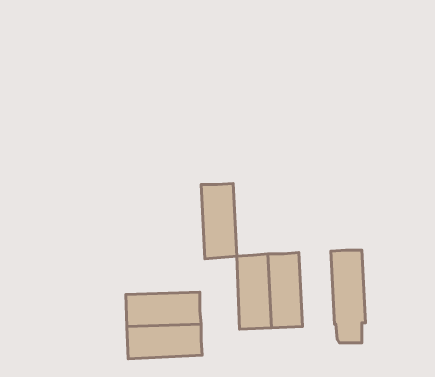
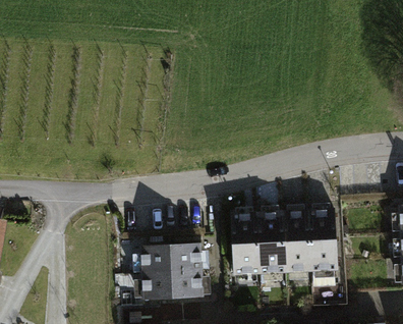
building: [201,183,237,259] -> [283,212,312,274]

